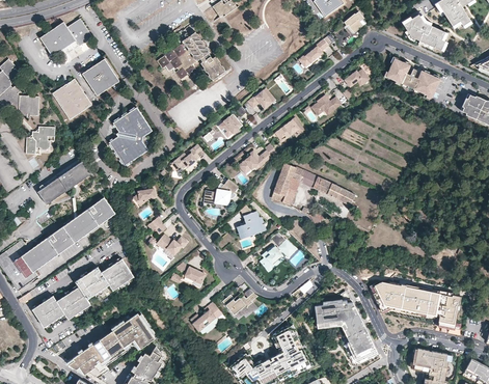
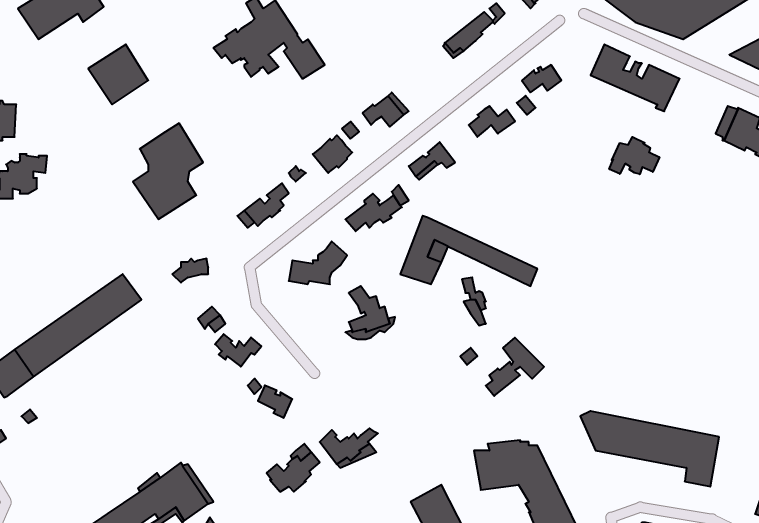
building: [52,79,91,119] -> none
building: none -> [609,137,659,174]
building: [38,161,90,203] -> none
building: [261,231,296,267] -> [486,338,544,396]
building: [33,259,135,328] -> none

